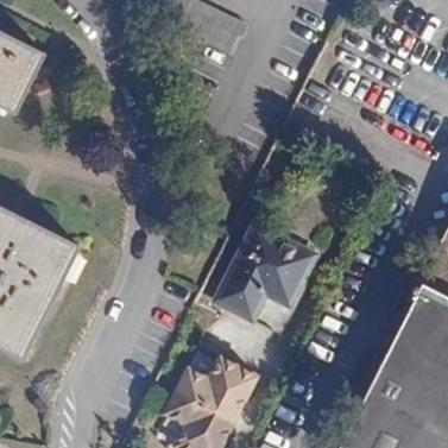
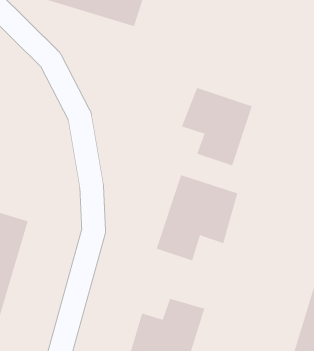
building: none -> [181,87,252,166]

